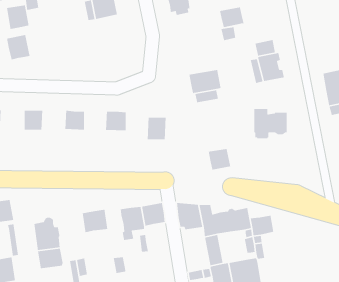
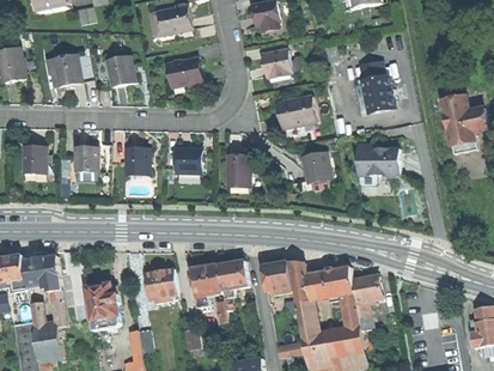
building: [6,4,29,30] -> [106,56,135,87]
building: [219,7,244,28] -> [260,49,291,75]
building: none -> [167,60,199,86]
building: [208,148,231,171] -> [300,151,329,178]

